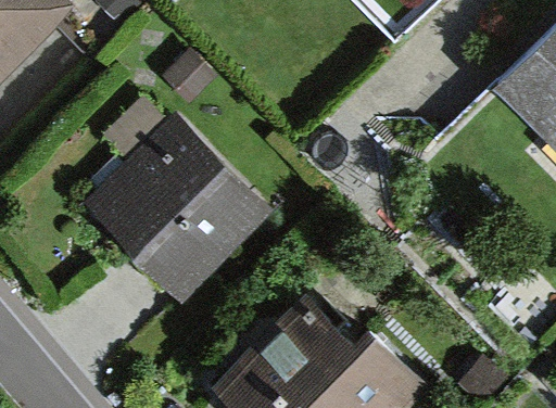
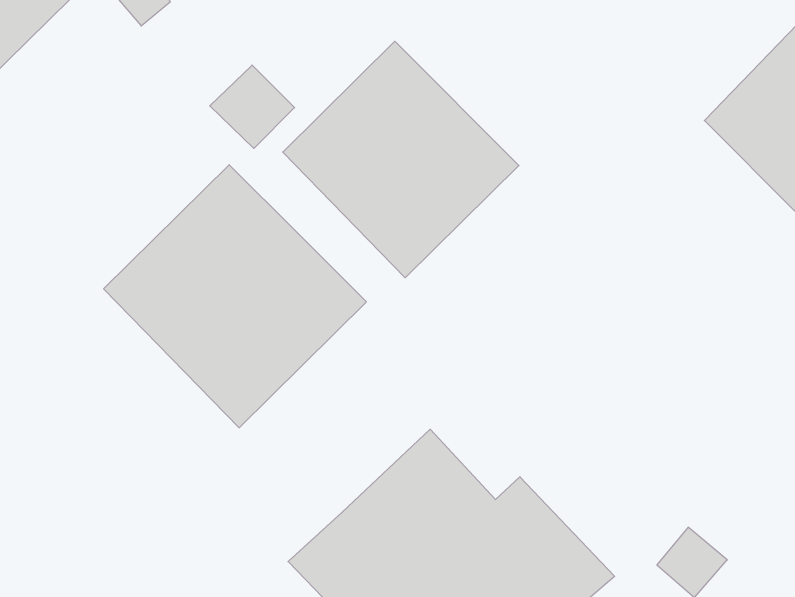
building: none -> [283,41,519,278]

